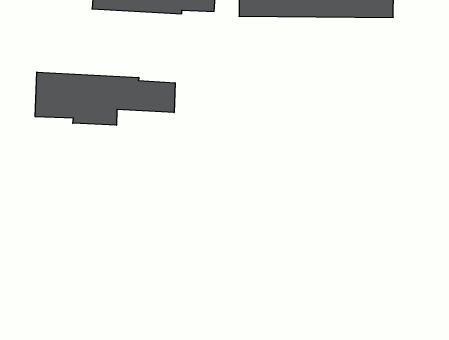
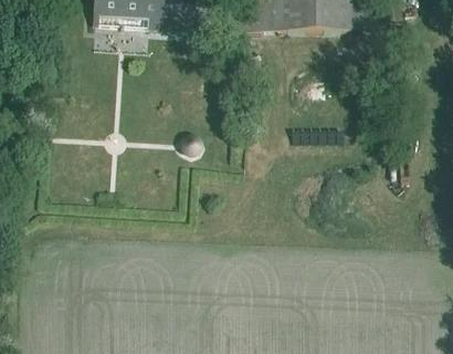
building: [35,72,175,125] -> none

